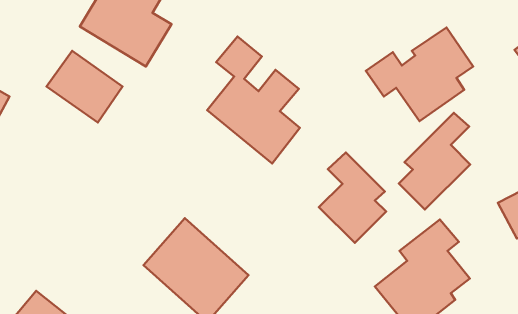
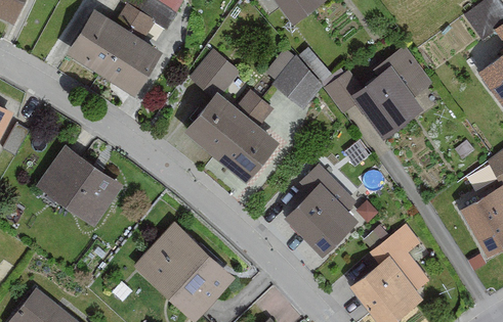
building: none -> [269,49,322,106]
building: [47,51,123,122] -> [48,152,118,218]
building: [399,113,470,210] -> none

